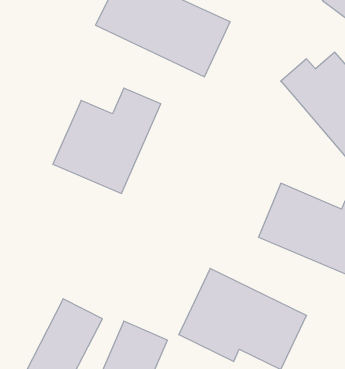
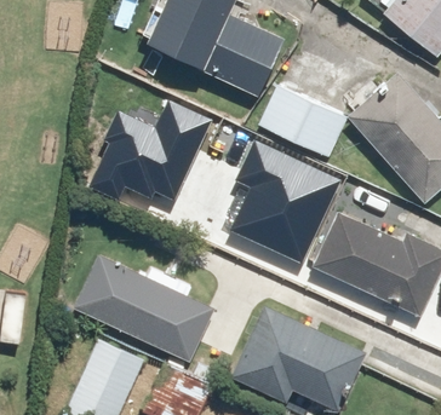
building: none -> [258,85,348,158]
building: none -> [228,151,332,276]
building: none -> [71,254,214,362]

